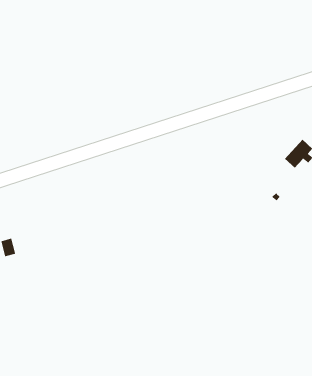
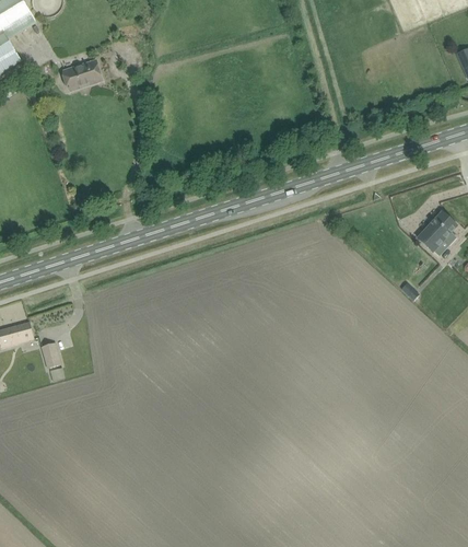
building: none -> [63,58,102,89]

